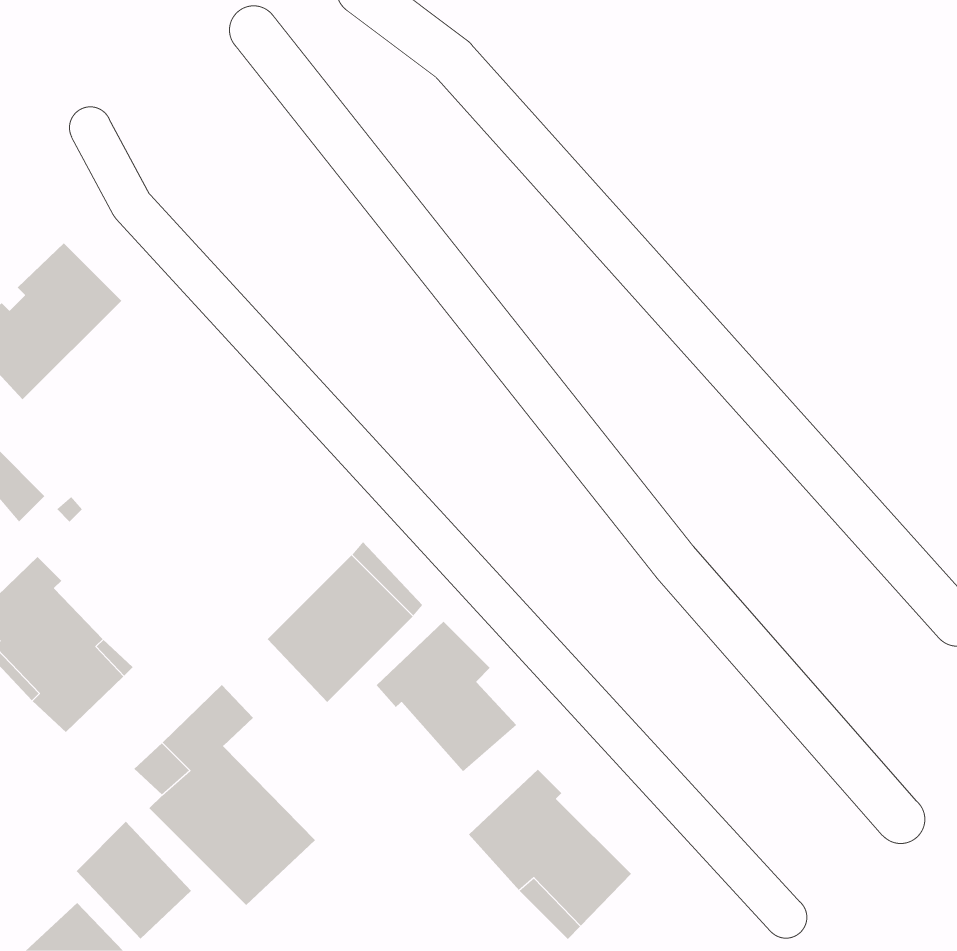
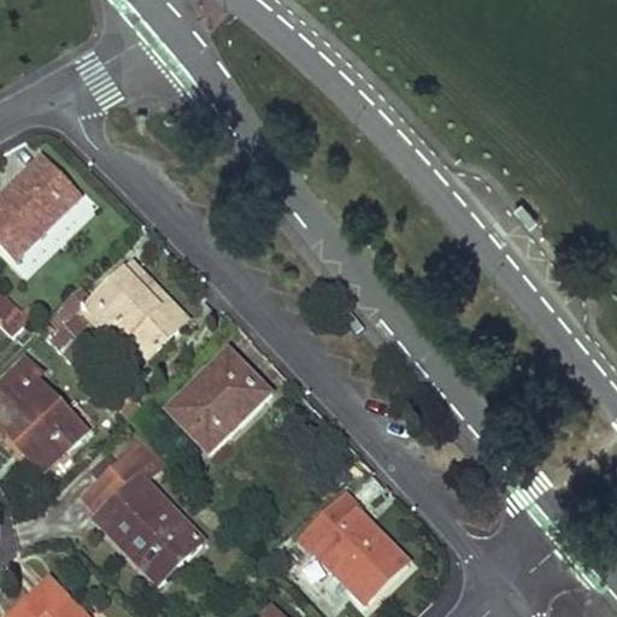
building: none -> [47,262,187,369]
building: [376,621,517,772] -> none
building: [76,821,192,939] -> none

